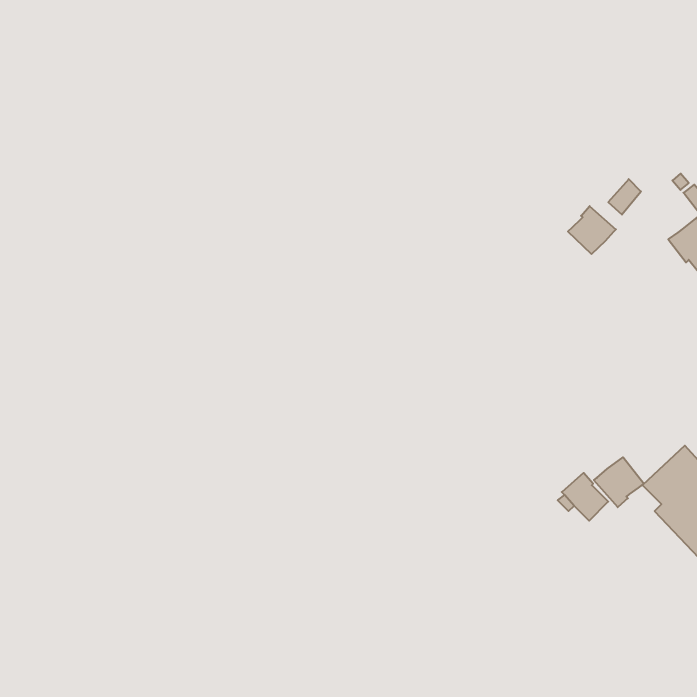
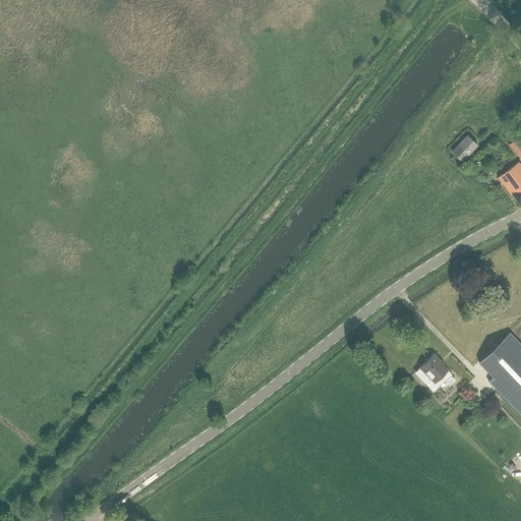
building: [568,206,616,254] -> none
building: [594,457,644,507] -> none

